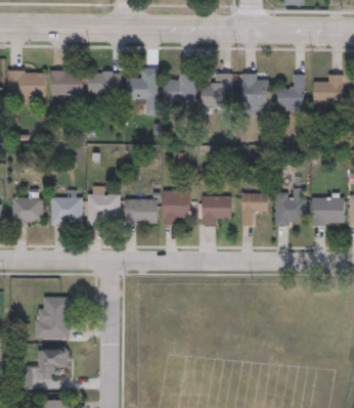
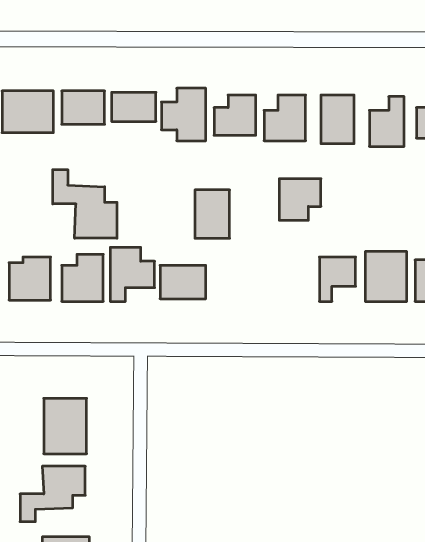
building: none -> [53,170,117,238]
building: [162,190,187,226] -> [195,190,230,238]
building: [200,195,230,226] -> [279,179,321,220]

